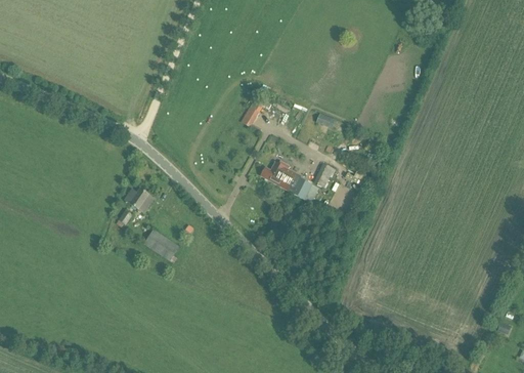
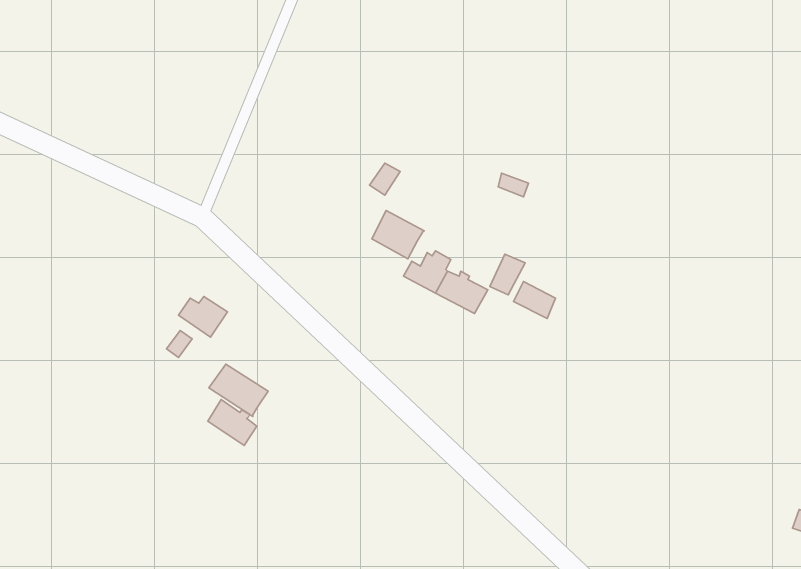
building: none -> [372,210,424,259]
building: none -> [208,400,257,446]

